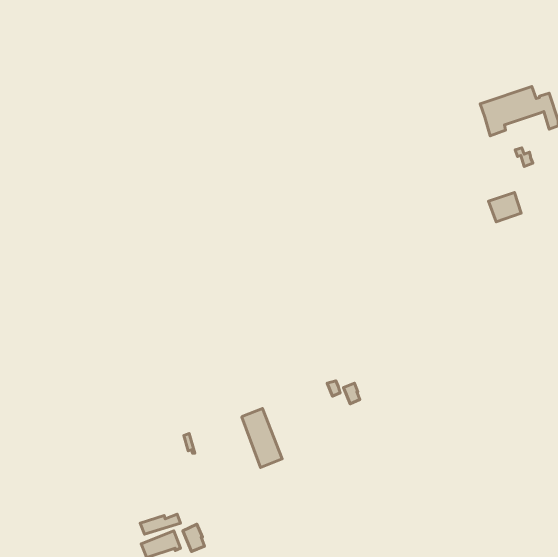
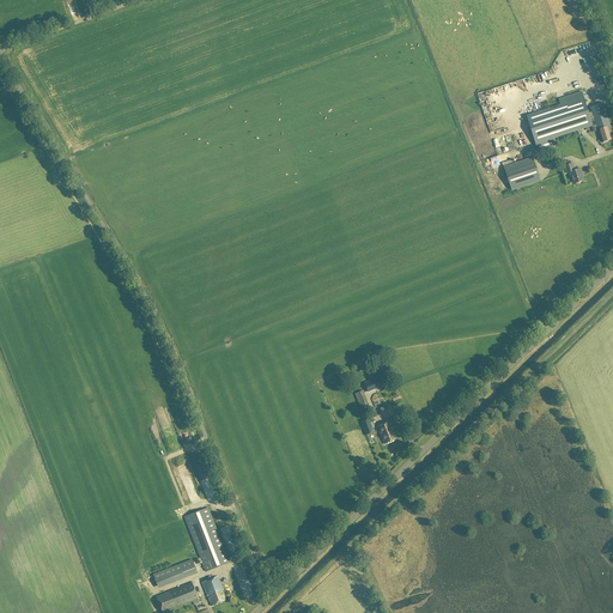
building: [488,192,521,222] -> [503,156,539,188]
building: [242,409,282,468] -> [183,505,227,570]

